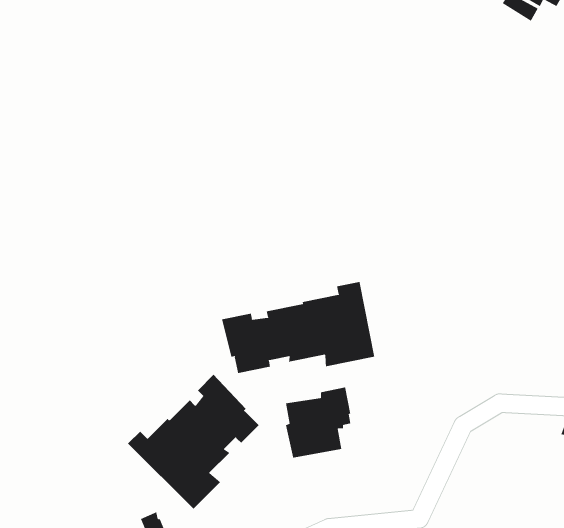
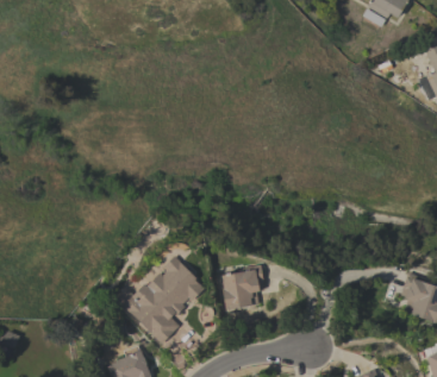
building: [222,281,375,374] -> none

